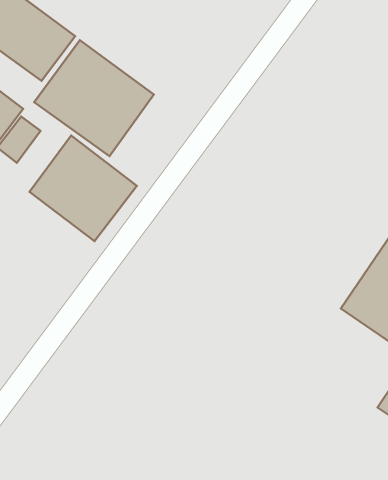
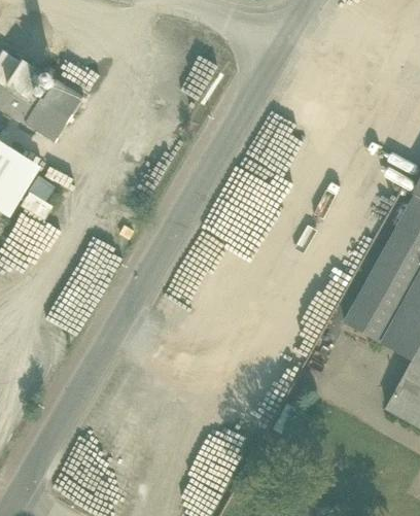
building: [34,40,154,156] -> none
building: [29,135,137,241] -> none

